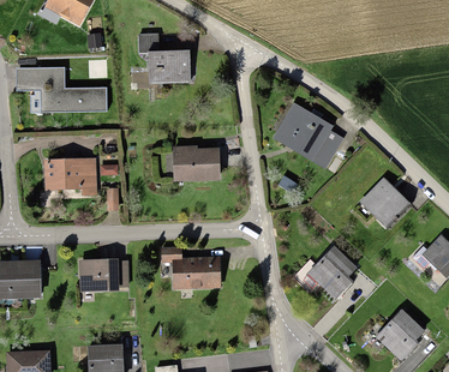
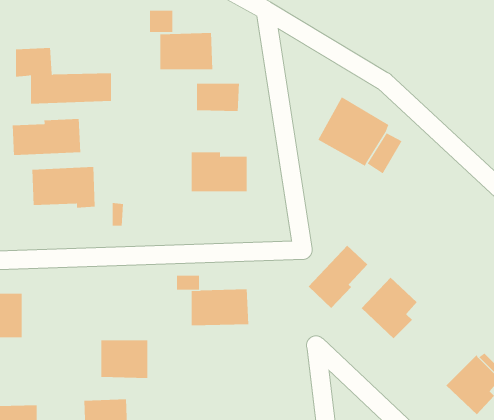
building: none -> [196,83,239,112]
building: none -> [12,118,81,156]
building: [363,179,411,226] -> none
building: none -> [308,245,368,309]
building: [79,259,118,290] -> [101,340,148,379]

